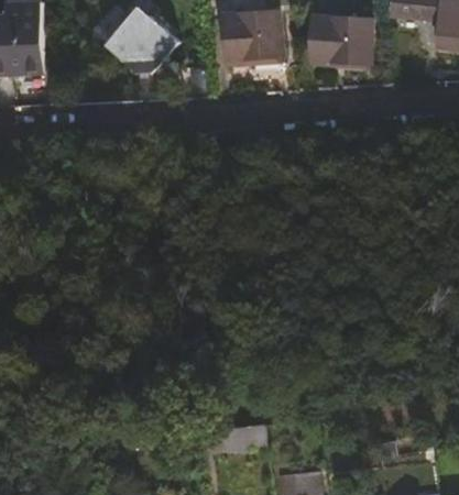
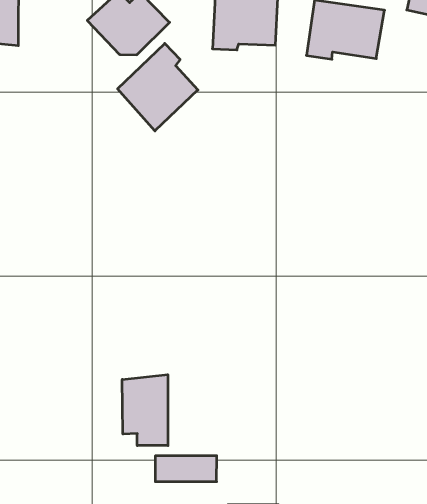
building: none -> [118,43,198,131]
building: none -> [122,375,168,446]

